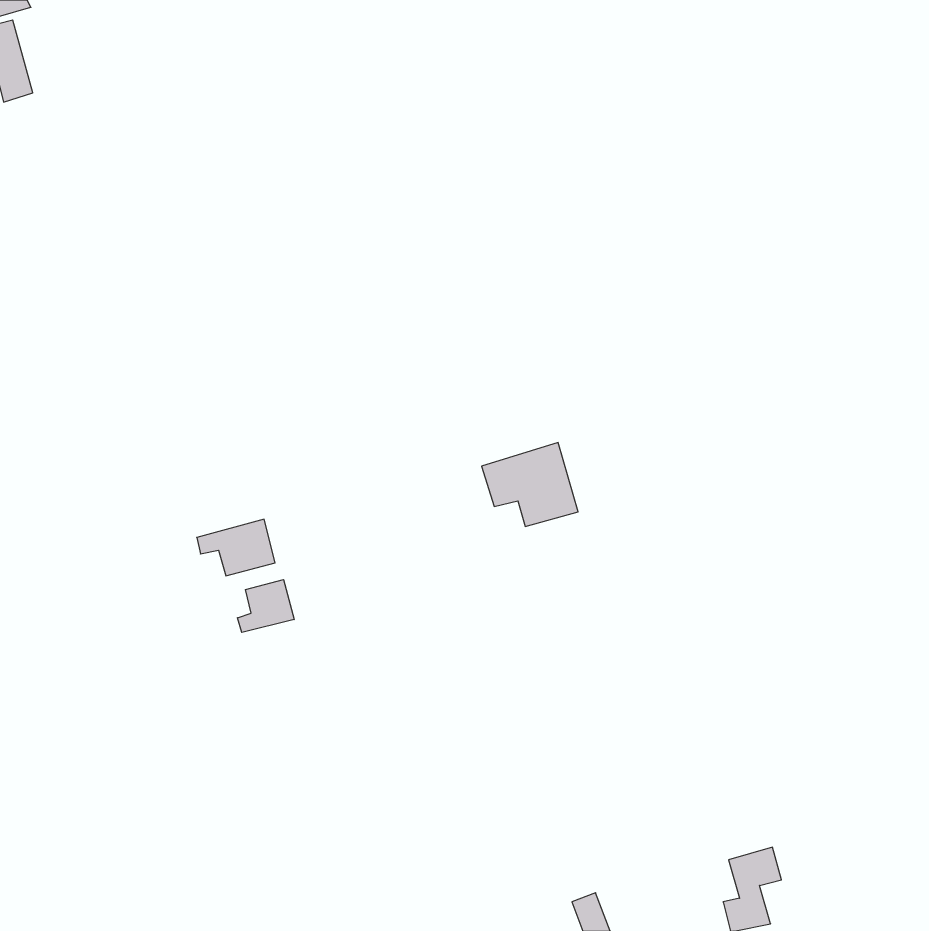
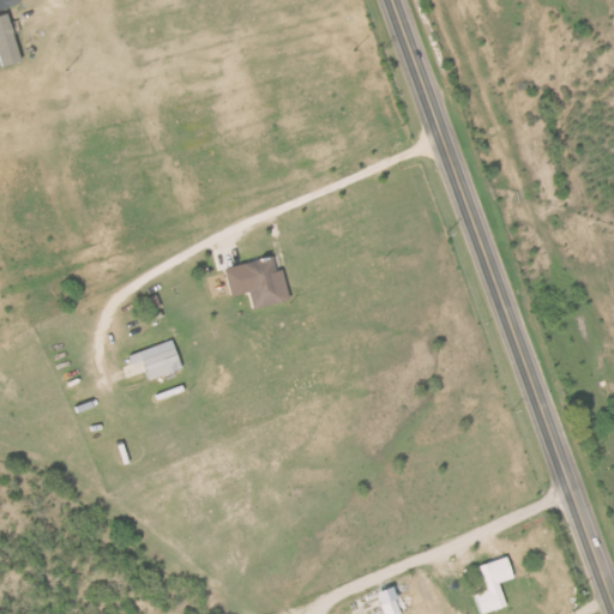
building: [482,443,578,526] -> [224,254,288,309]
building: [237,580,294,632] -> none

